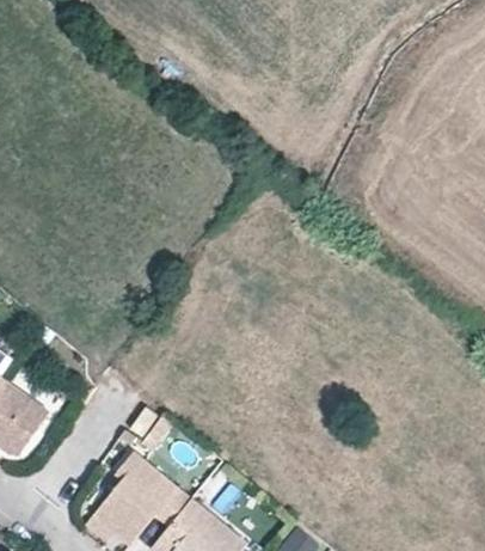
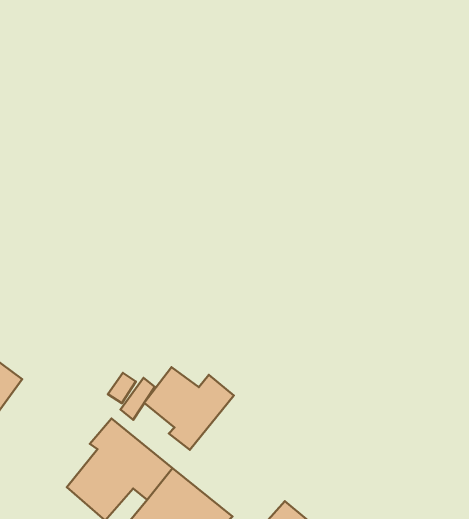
building: none -> [144,367,234,450]

